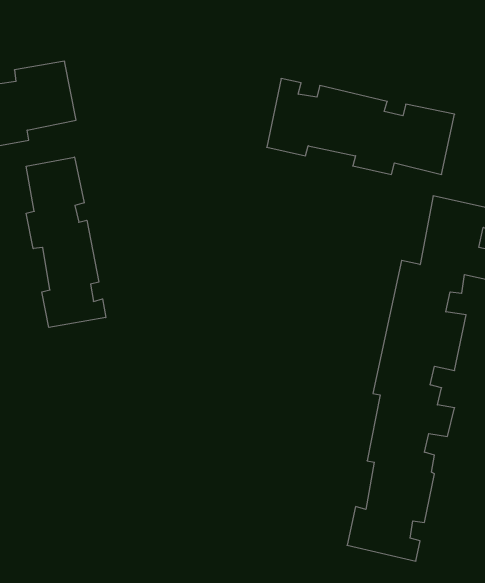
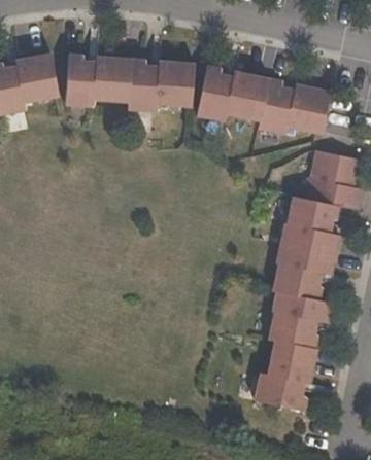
building: none -> [65,54,196,111]
building: [26,157,106,327] -> none

